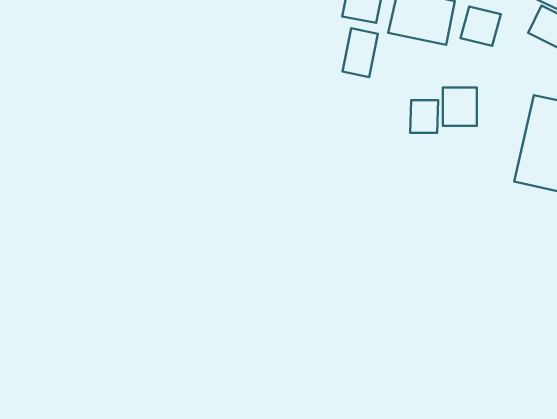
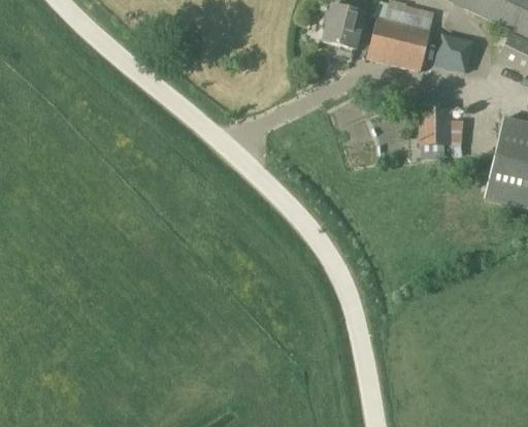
building: [342,28,378,77] -> none
building: [410,100,438,133] -> none

